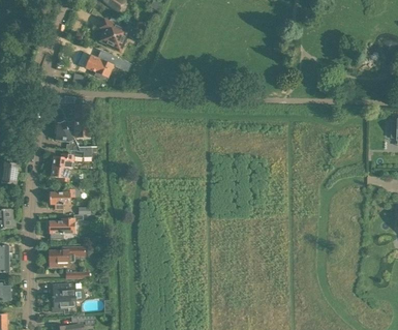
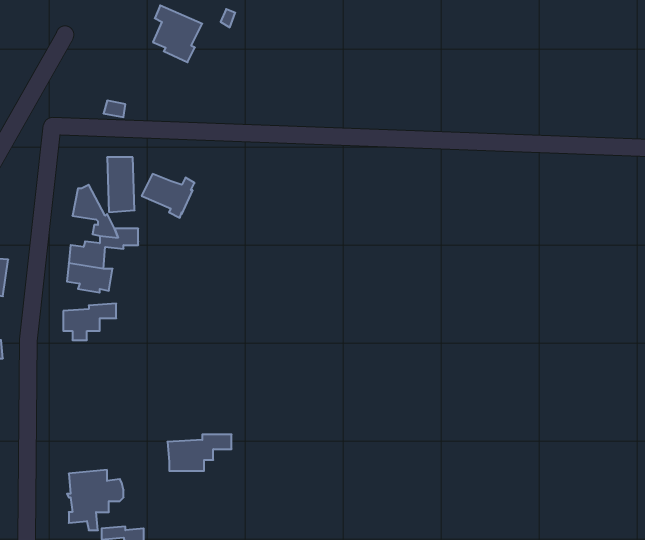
building: [84,55,114,80] -> [142,174,195,218]
building: [49,214,82,239] -> none
building: [48,246,84,267] -> [167,434,232,471]

